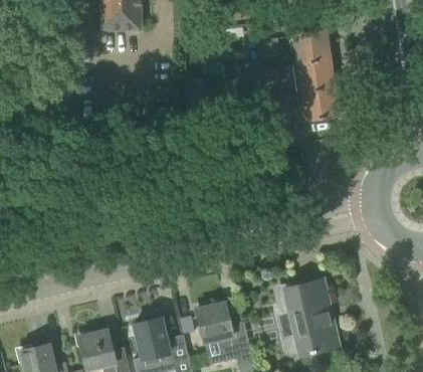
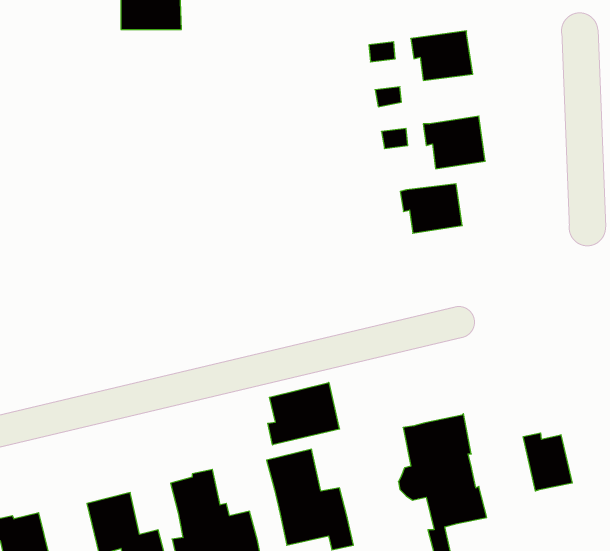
building: [292,58,333,90] -> [400,184,462,233]
building: none -> [268,382,340,445]
building: none -> [523,433,572,491]

